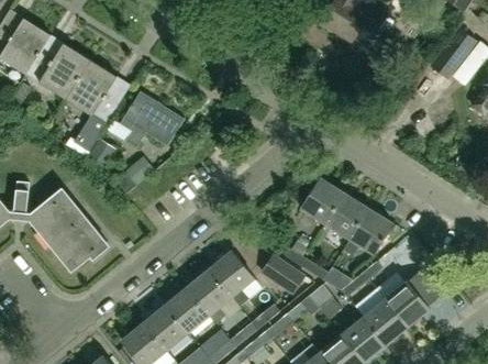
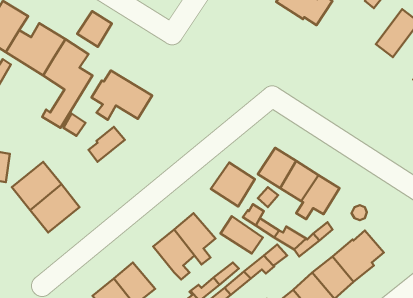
building: none -> [77,11,112,47]
building: none -> [211,162,255,206]
building: [165,287,210,333] -> none

